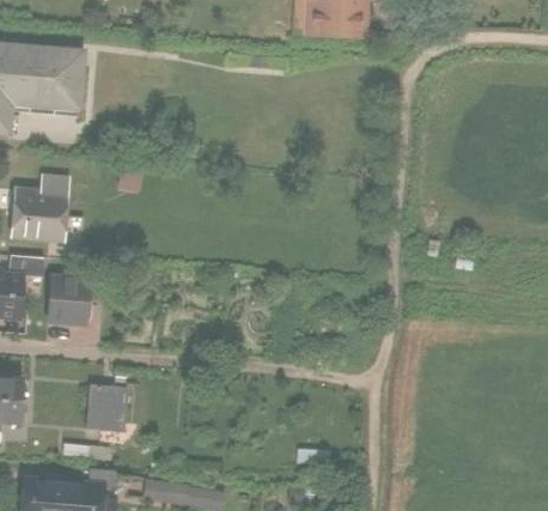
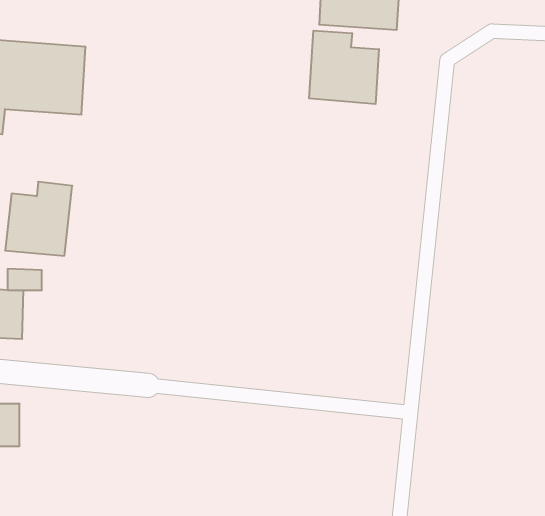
building: none -> [309,31,379,104]
building: [49,273,92,321] -> none
building: [85,384,124,430] -> none

